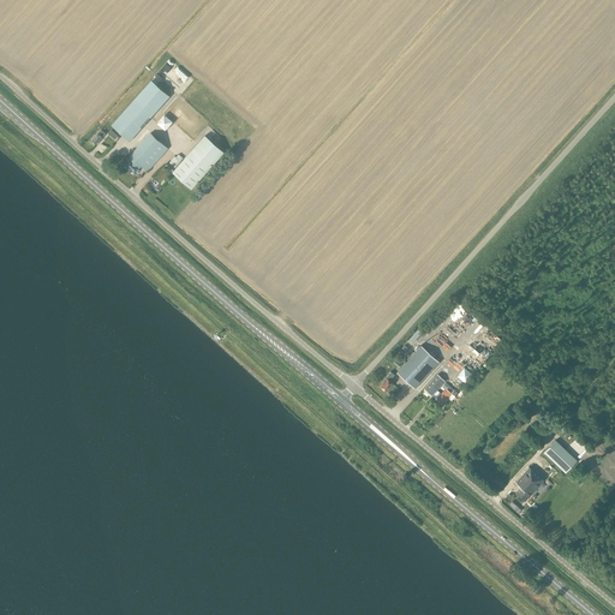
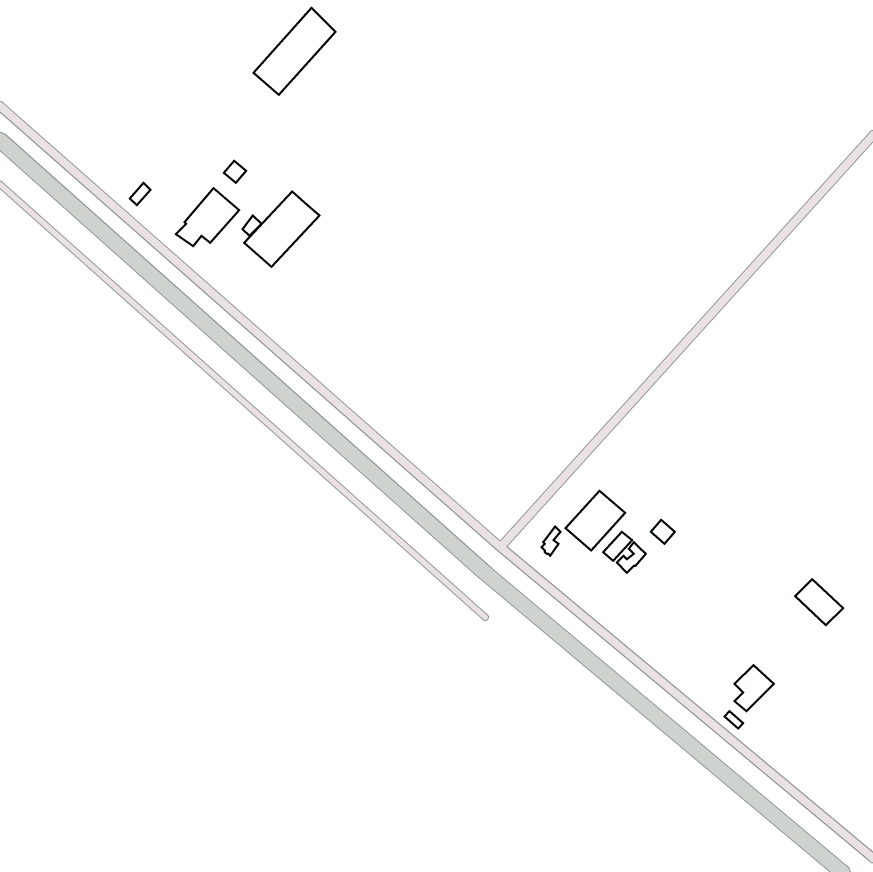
building: [112,79,169,141] -> [253,8,335,95]
building: [544,440,578,472] -> [795,579,843,625]

